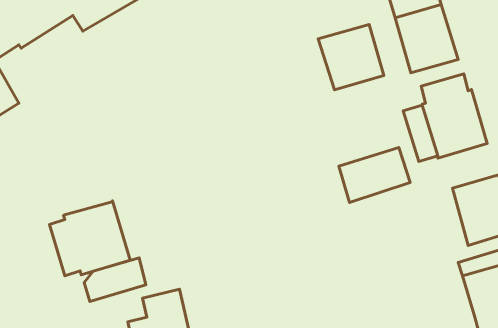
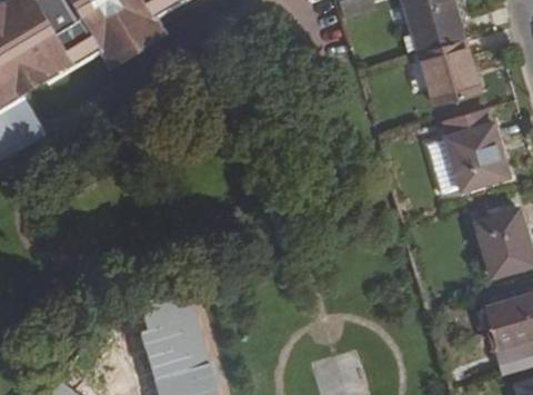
building: [318,25,384,90] -> none
building: [339,148,410,202] -> none
building: [50,201,130,276] -> none

